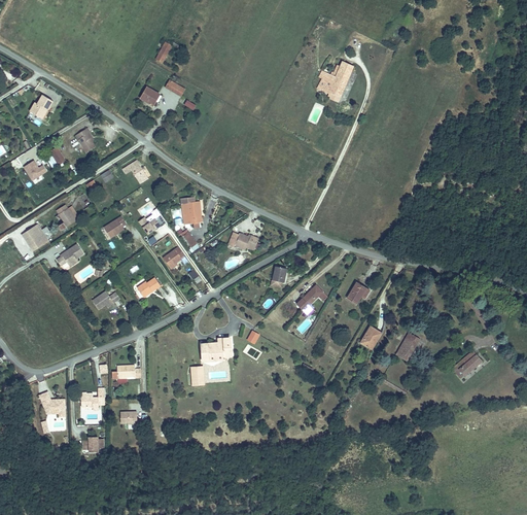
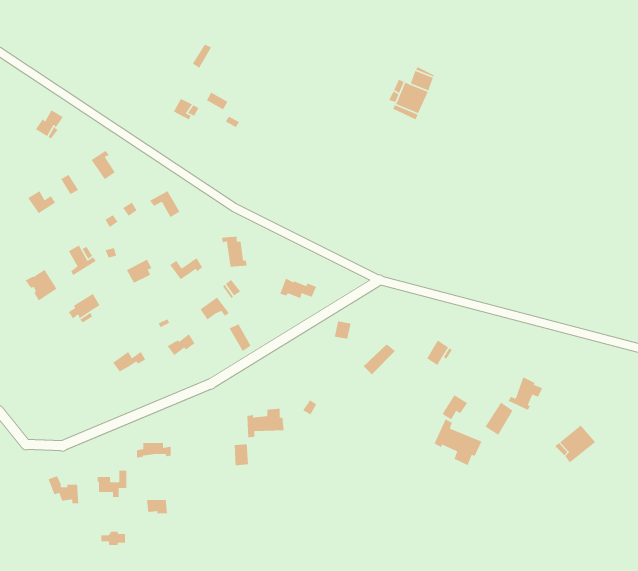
building: none -> [507,376,543,411]
building: none -> [434,418,483,466]

